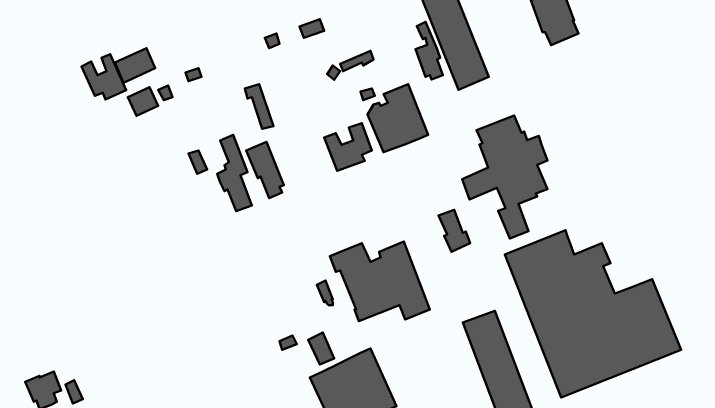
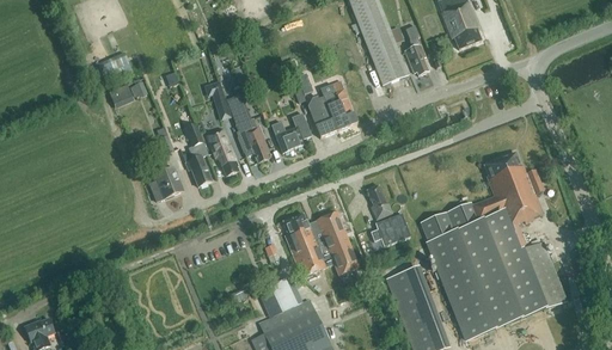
building: [416,22,443,80] -> [405,26,428,74]
building: [82,54,126,100] -> none
building: none -> [231,100,269,161]
building: [462,116,547,238] -> [472,152,543,253]
building: none -> [148,162,183,202]
building: none -> [371,213,410,245]

